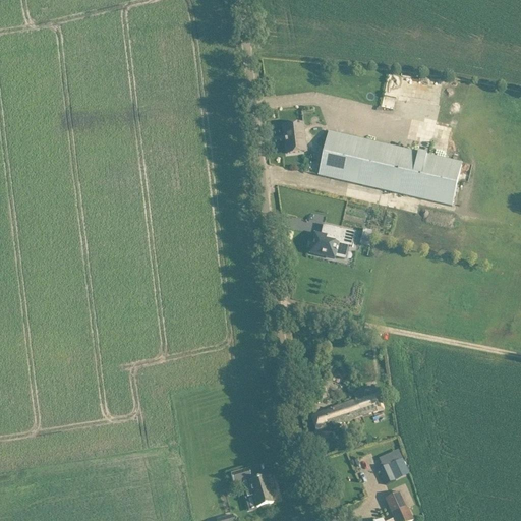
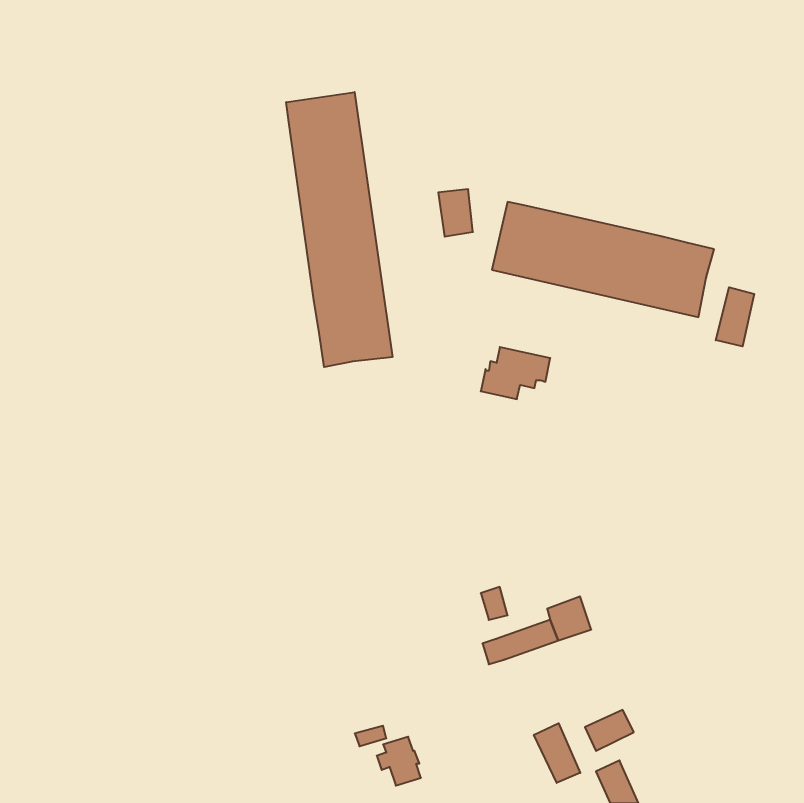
building: none -> [286,92,392,367]
building: none -> [716,287,754,346]
building: none -> [534,723,580,783]

